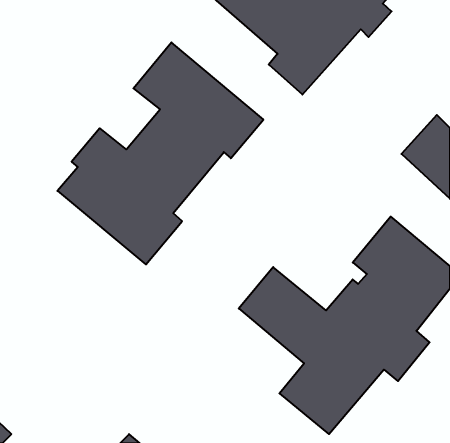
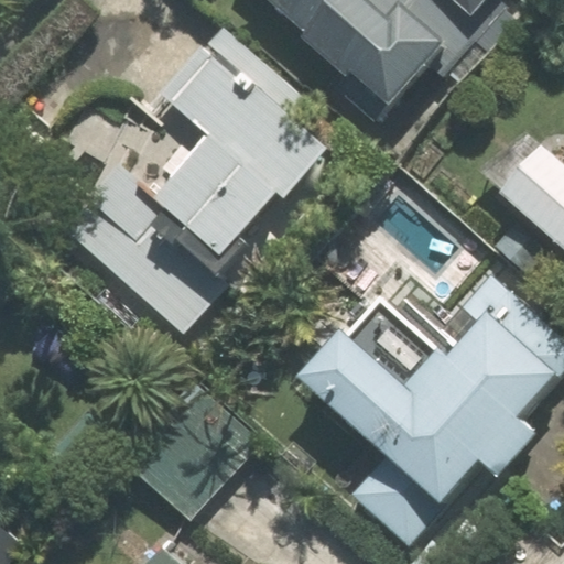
building: none -> [131,387,257,514]

